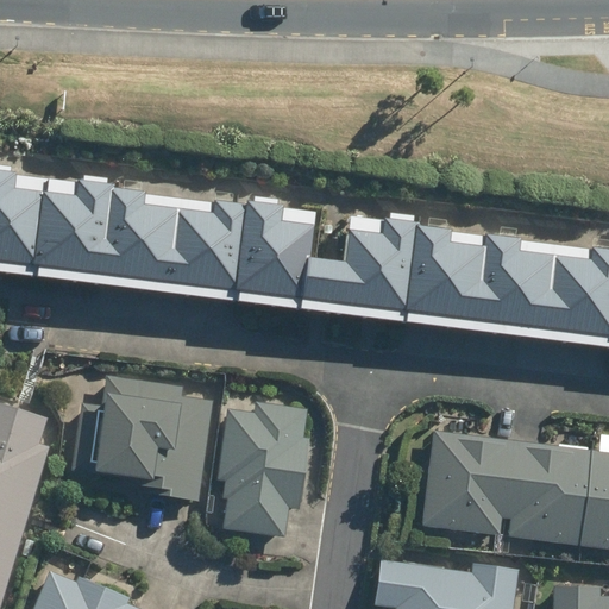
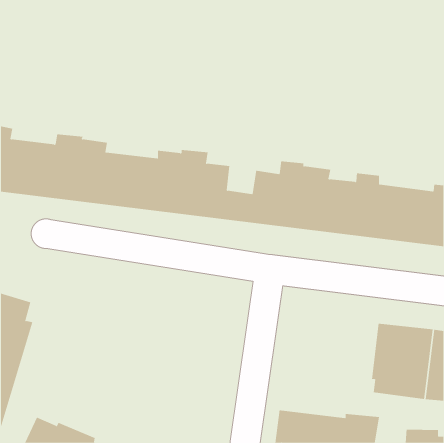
building: [74,376,213,502] -> none
building: [218,402,308,538] -> none
building: [422,432,517,536] -> none

